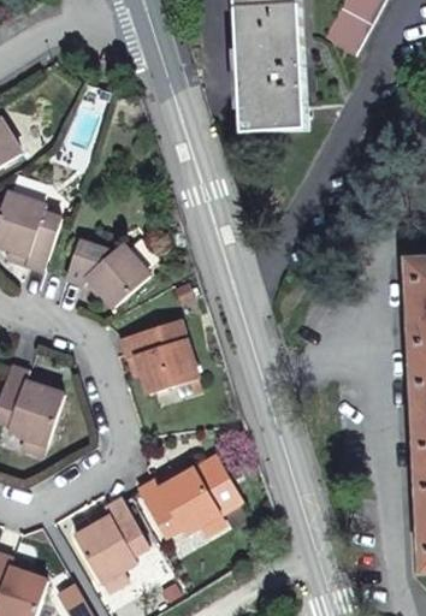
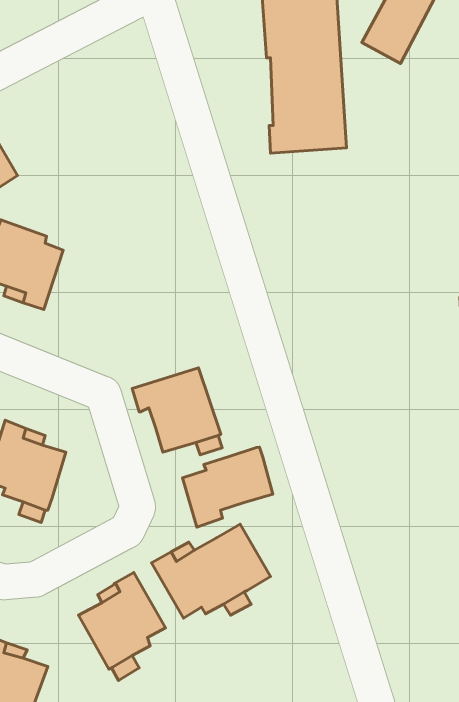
building: [64,241,148,307] -> none
building: none -> [183,447,273,527]

